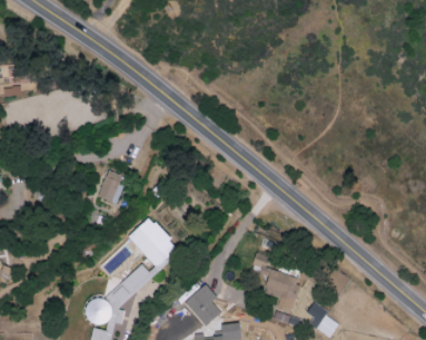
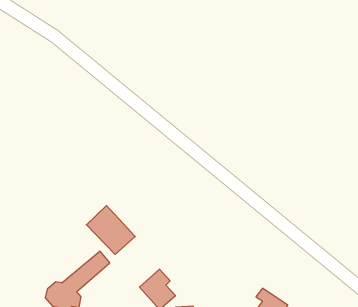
building: [99,171,125,203] -> none
building: [251,253,301,311] -> none

